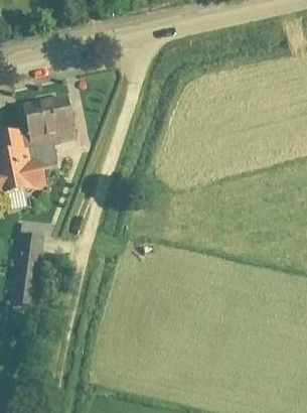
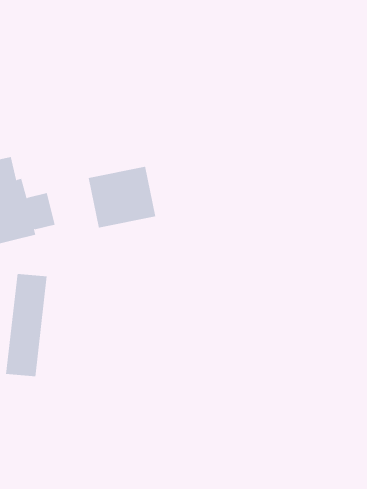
building: [24,92,78,140] -> [88,166,156,228]

